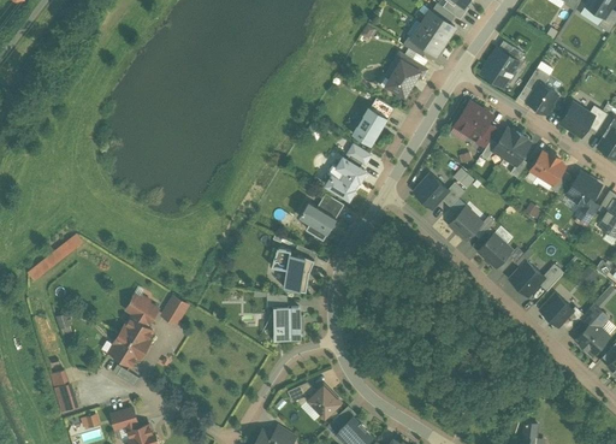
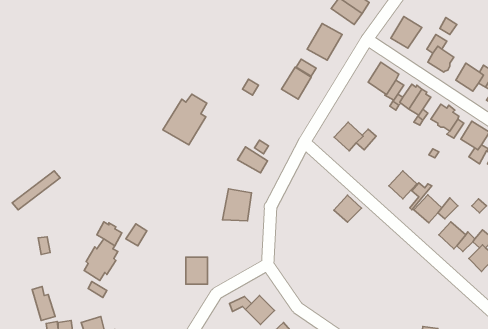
building: [316,144,369,206] -> [163,94,207,145]
building: [450,206,484,238] -> [334,195,362,222]
building: [272,307,298,339] -> [186,257,208,284]

